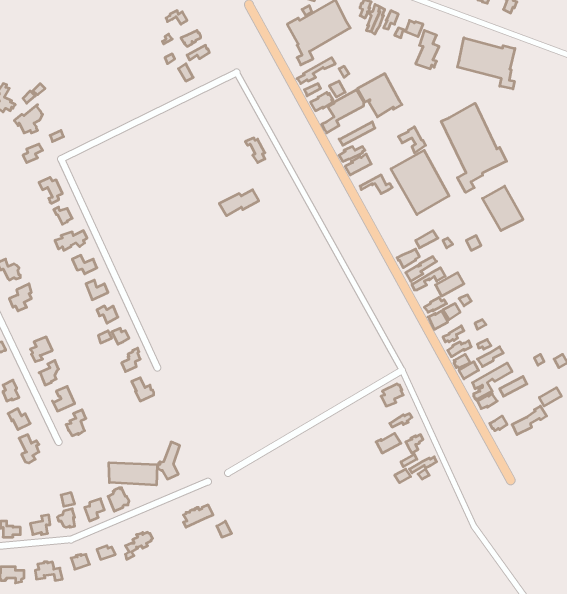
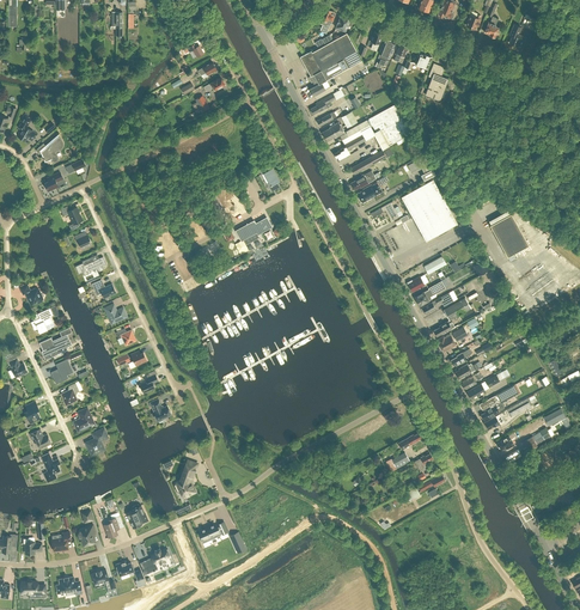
building: [457,38,515,89] -> none
building: [441,103,507,192] -> none
building: none -> [39,327,72,359]
building: [109,463,157,485] -> none

